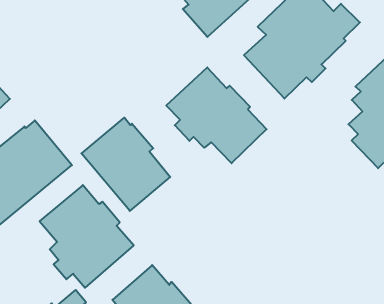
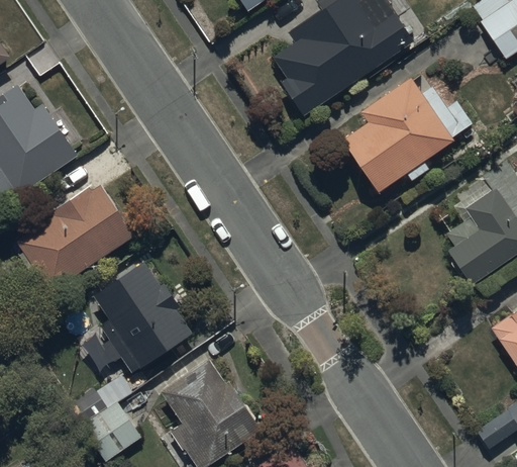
building: [166,67,267,163] -> none
building: [81,118,170,211] -> none

